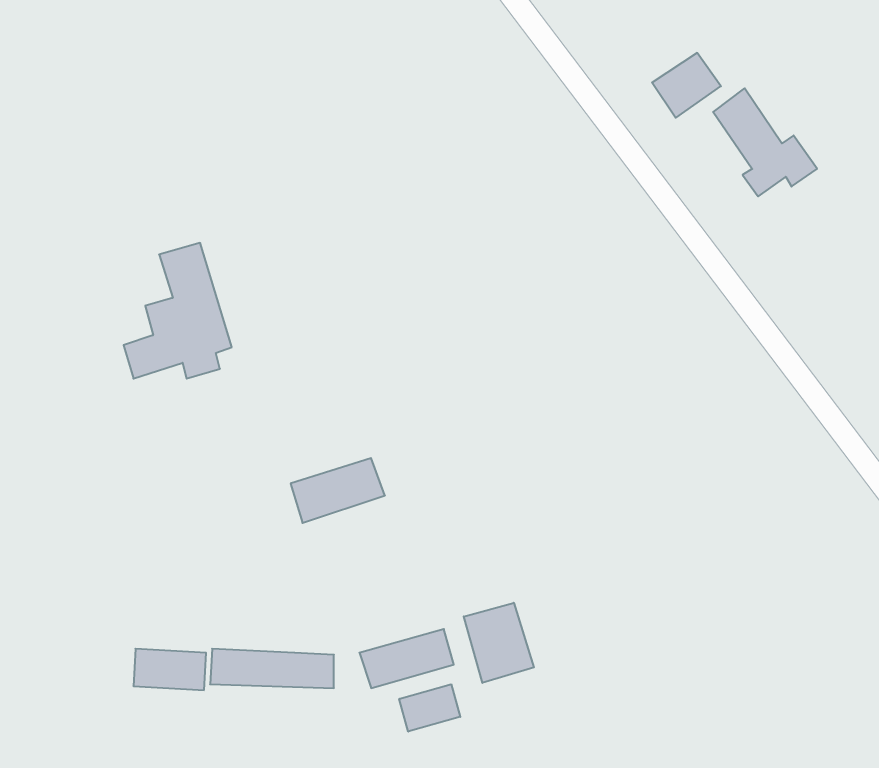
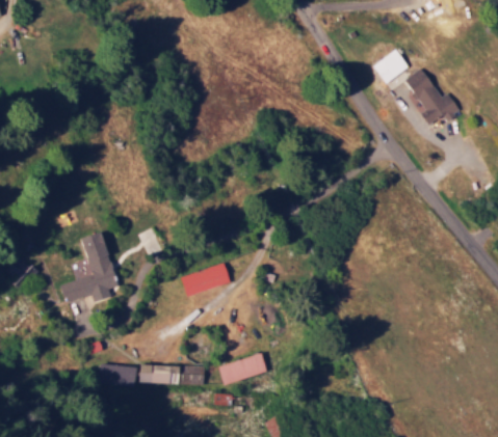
building: [124,243,232,379] -> [60,231,117,303]
building: [464,603,534,683] -> none
building: [399,684,460,732] -> none

